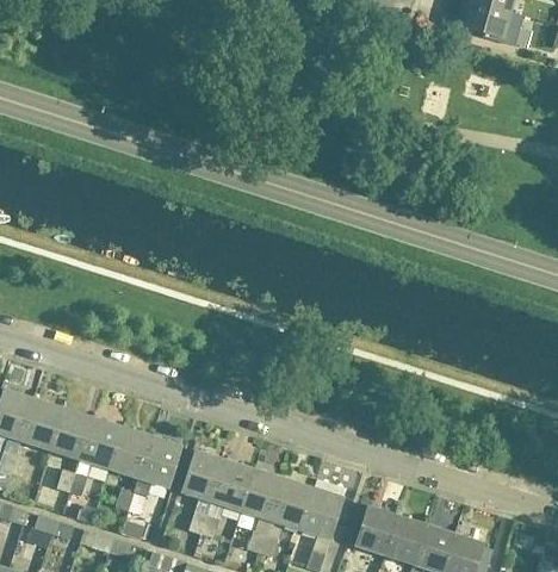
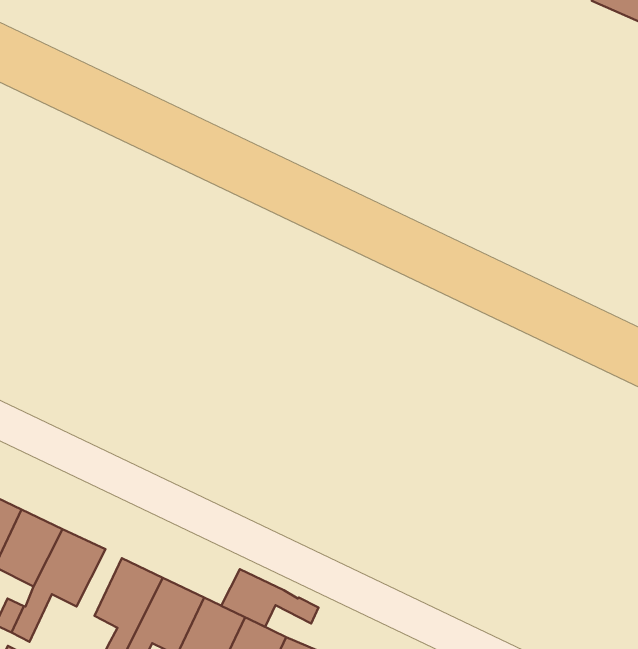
building: none -> [221,569,319,627]

